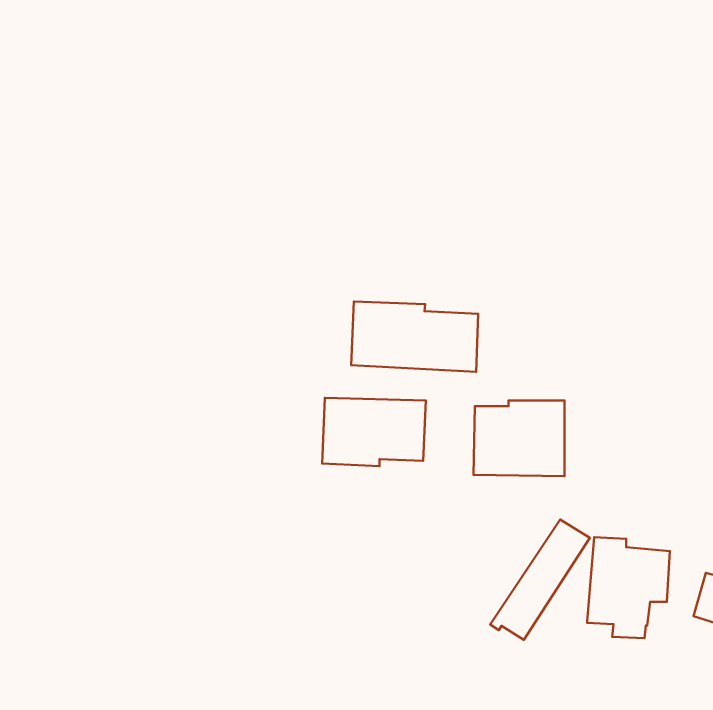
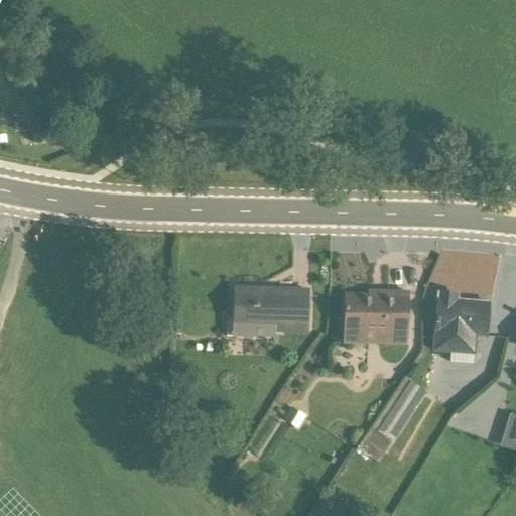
building: [351,302,478,372] -> none
building: [587,537,670,638] -> [431,289,491,362]

